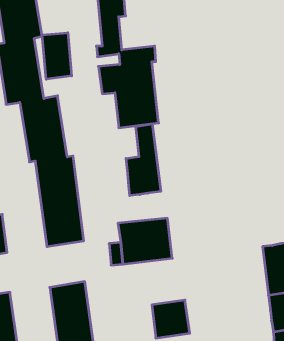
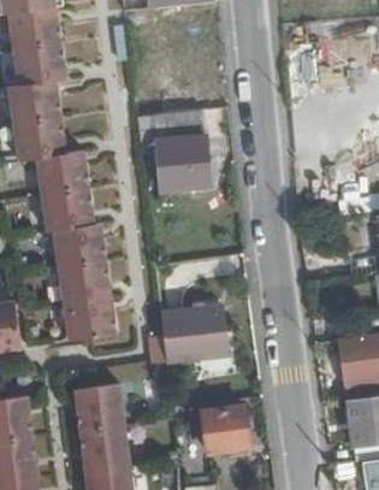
building: [42,33,72,79] -> none
building: [126,124,161,196] -> none

